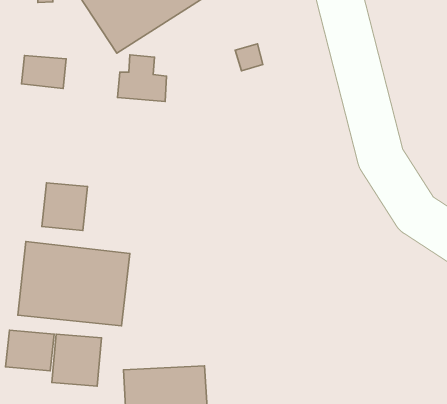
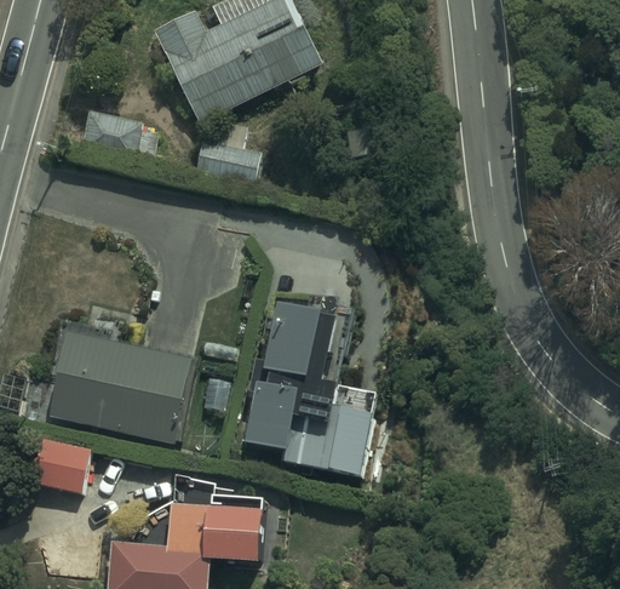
building: [42,183,88,230] -> none
building: none -> [247,309,371,479]
building: [52,334,101,386] -> none

